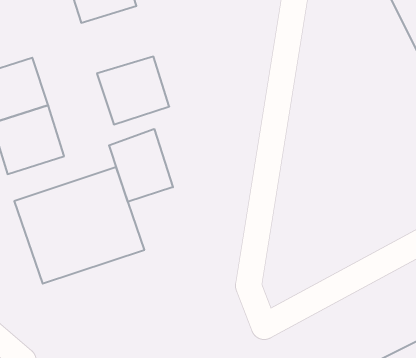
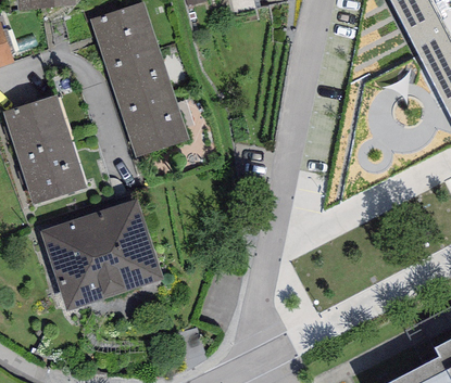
building: none -> [103,42,173,107]
building: [109,129,173,202] -> none

